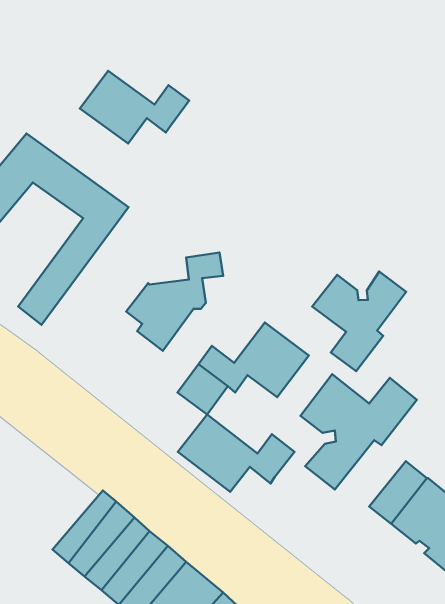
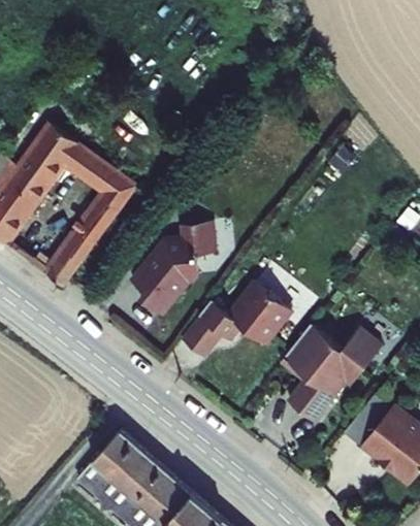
building: [80,71,189,143] -> none
building: none -> [155,212,215,252]
building: [312,271,406,371] -> none
building: [178,415,295,492] -> none

